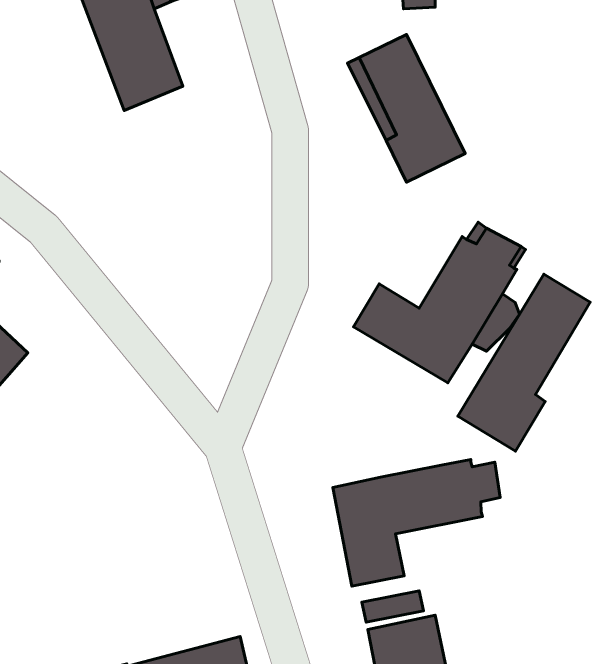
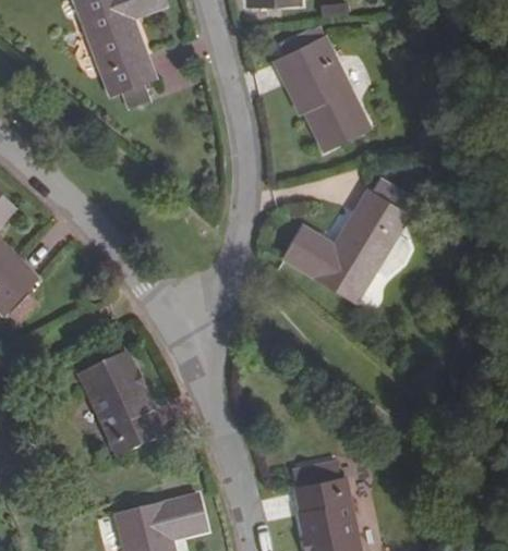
building: [458,274,590,451] -> none
building: none -> [80,354,165,455]
building: [333,459,500,586] -> none

